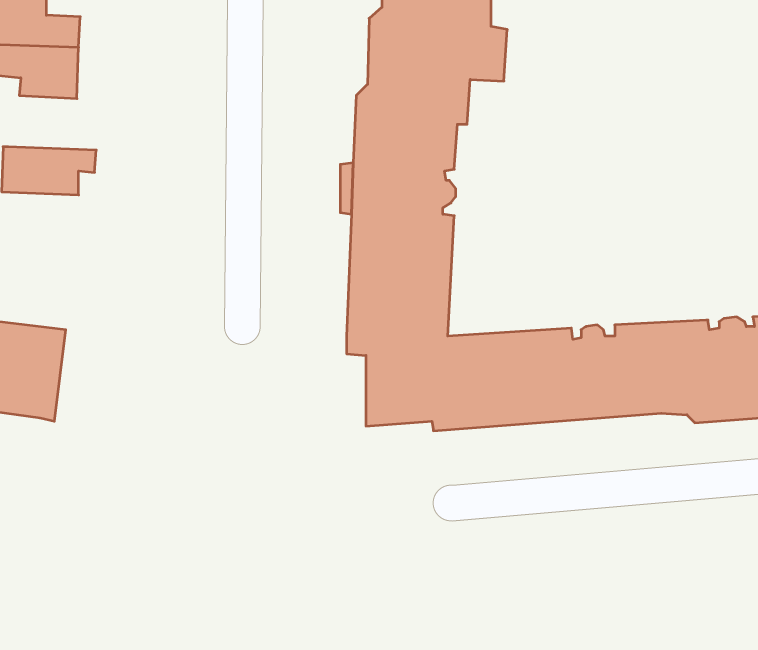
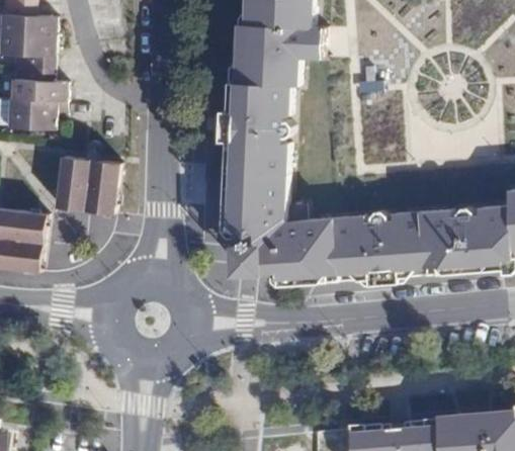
building: none -> [9,67,65,101]
building: none -> [56,156,118,214]

